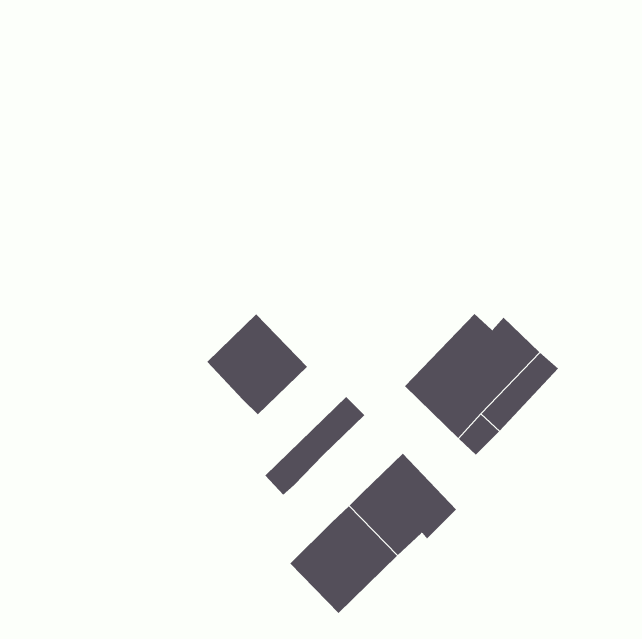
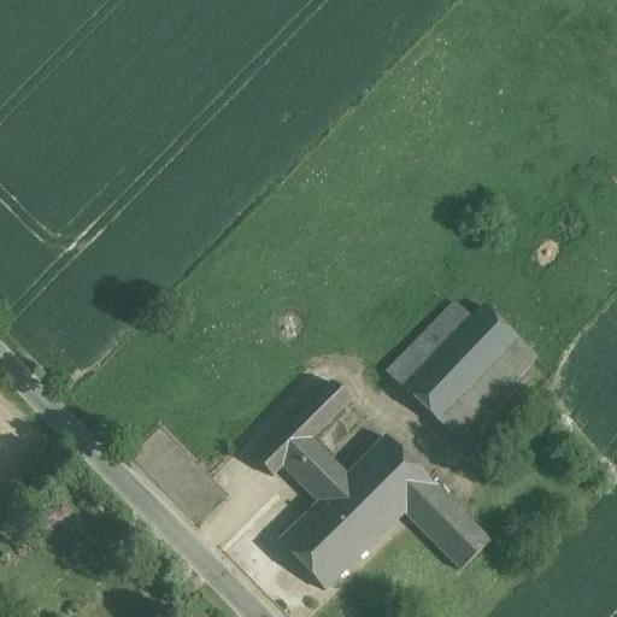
building: [206,314,308,415] -> none
building: none -> [283,436,347,500]
building: none -> [410,488,490,568]

